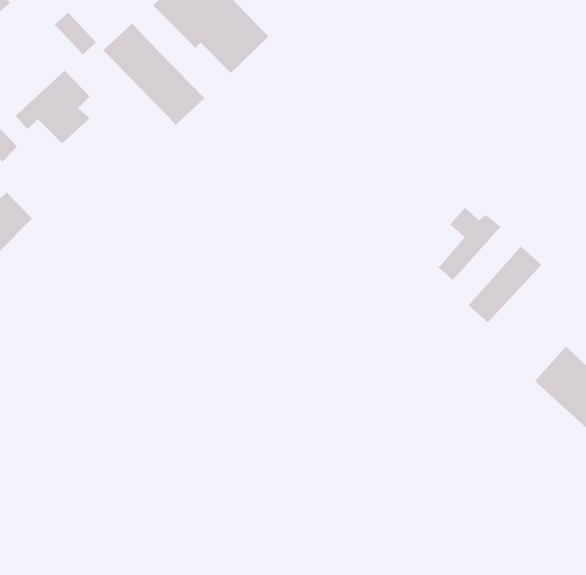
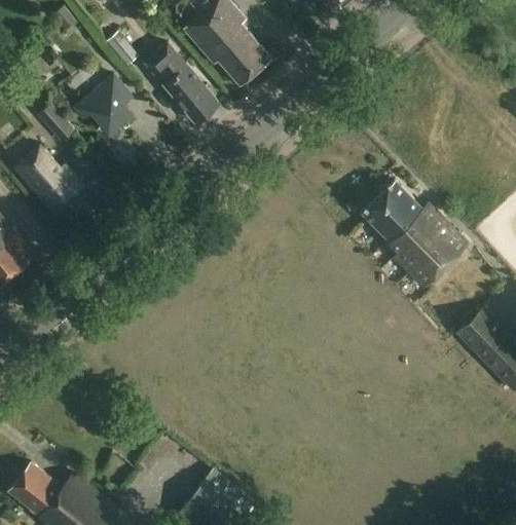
building: none -> [363,181,412,241]
building: none -> [395,215,453,273]

